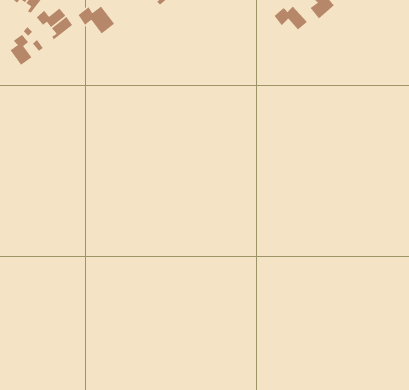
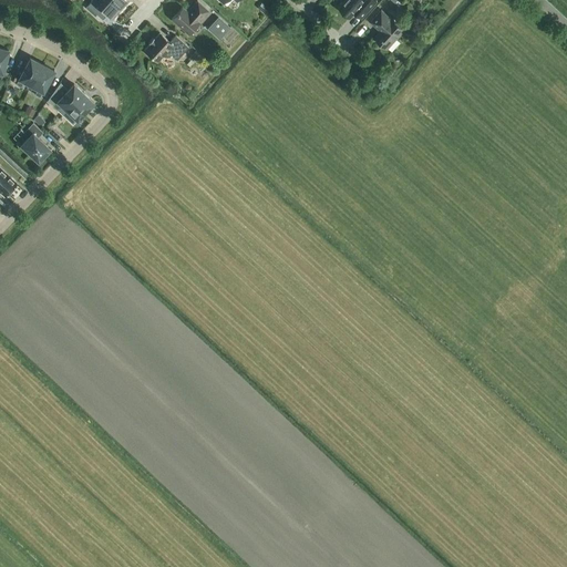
building: [78,6,115,34] -> none
building: [274,6,308,31] -> none

